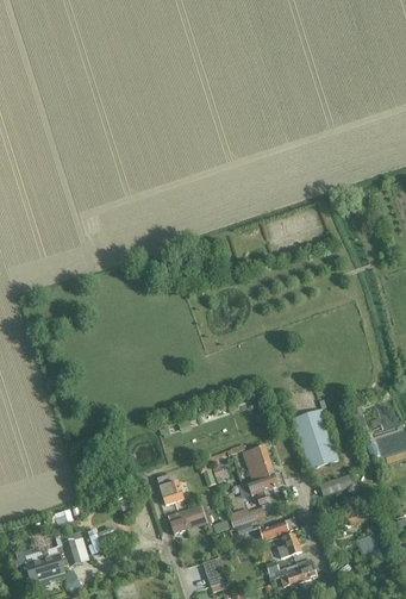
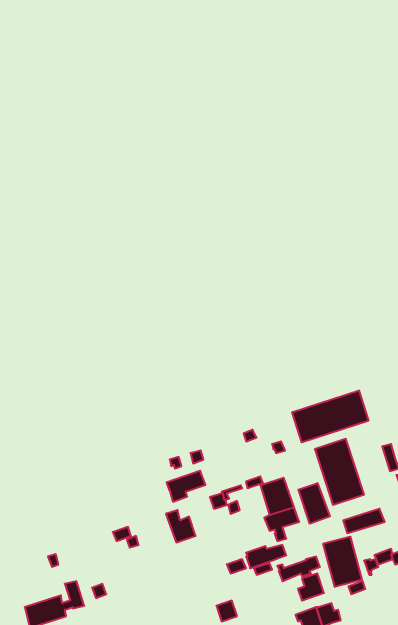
building: none -> [292,390,368,442]
building: none -> [298,483,330,524]
building: none -> [323,537,362,587]
building: [168,505,204,534] -> [167,471,205,502]

